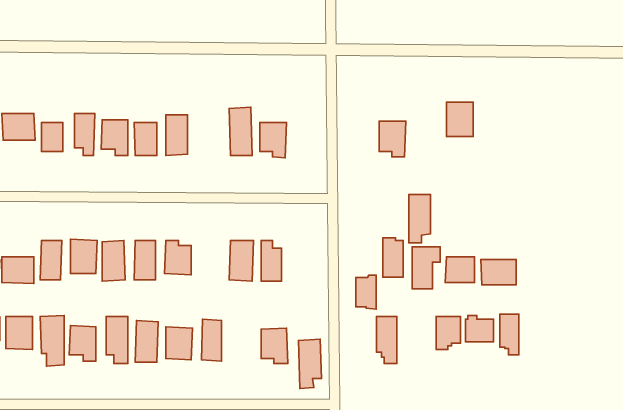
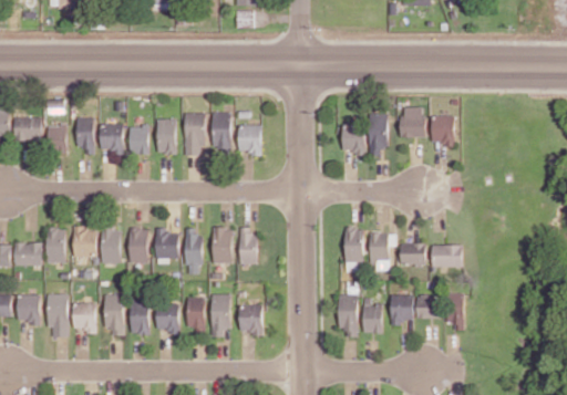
building: none -> [184,112,205,156]
building: none -> [432,115,454,144]
building: [409,195,430,243] -> [369,113,388,155]
building: none -> [185,230,202,273]
building: [356,275,376,309] -> [364,302,382,332]
building: [299,339,321,389] -> [210,294,230,337]

